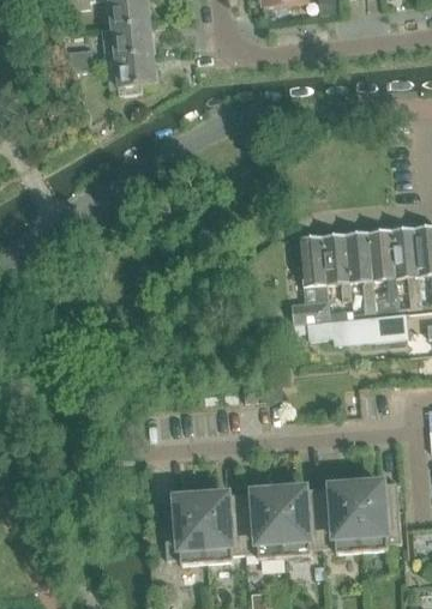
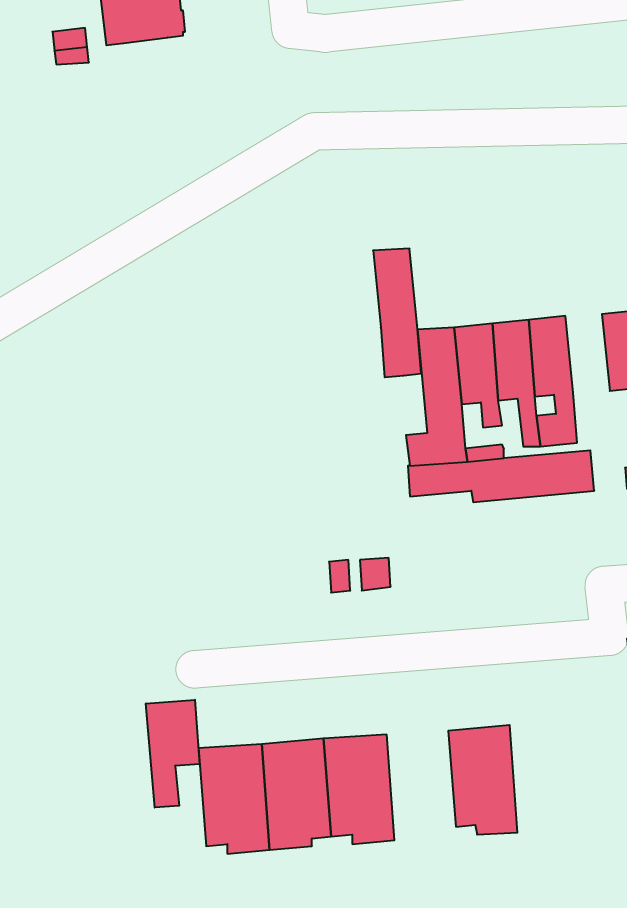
building: [114,52,156,92] -> none
building: [390,225,420,306] -> [373,249,421,377]
building: none -> [146,700,200,808]
building: [355,480,400,549] -> none
building: [278,486,322,554] -> none

